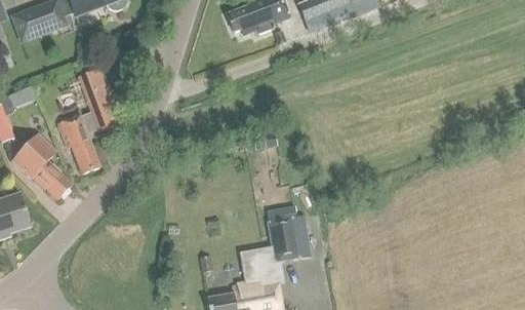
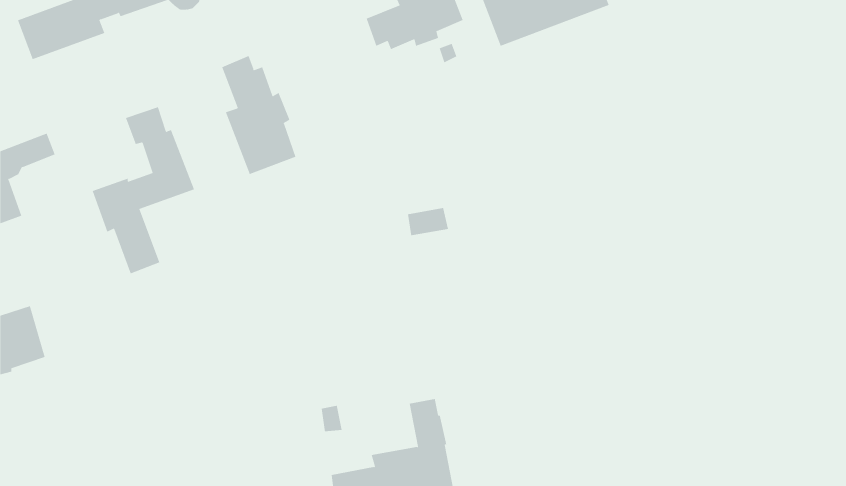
building: none -> [222,55,296,175]
building: [21,133,70,197] -> none
building: [265,205,309,261] -> none

